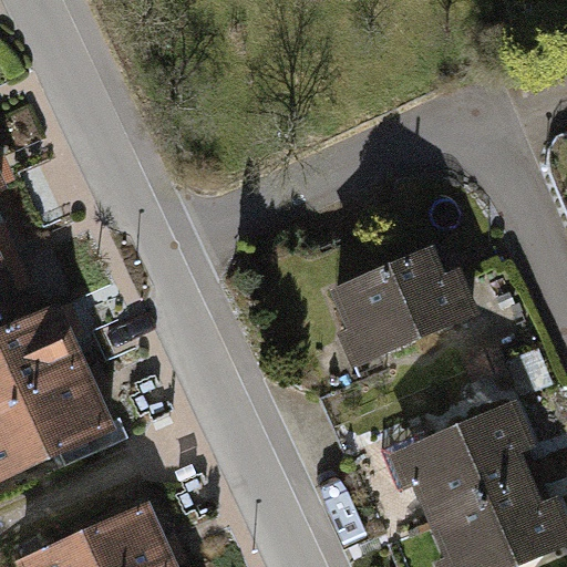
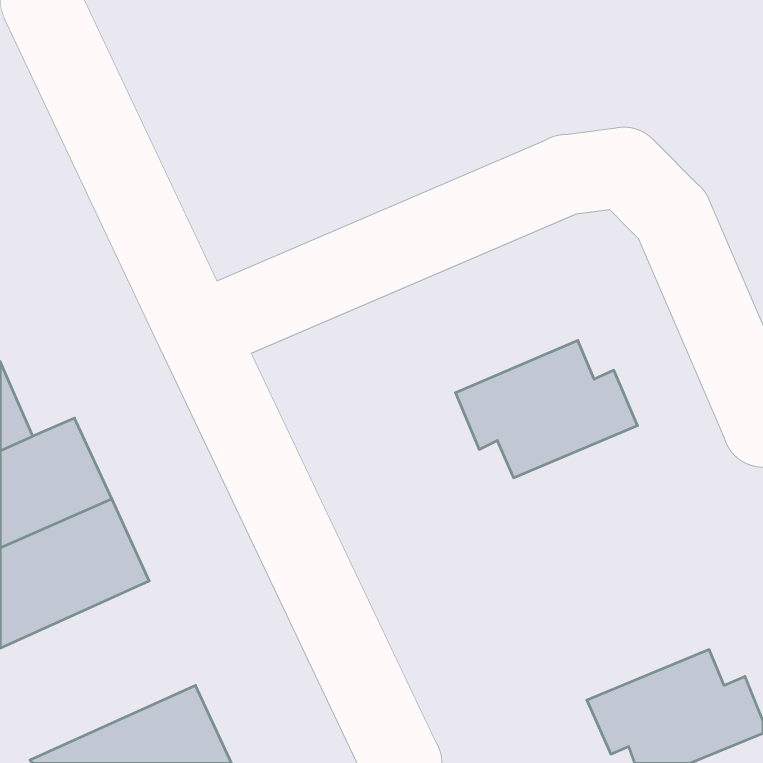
building: [382,406,530,519] -> none

